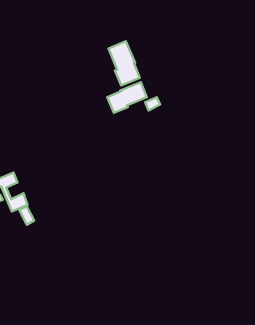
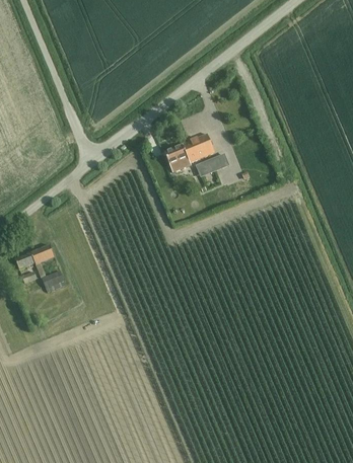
building: [108,41,140,86] -> none

